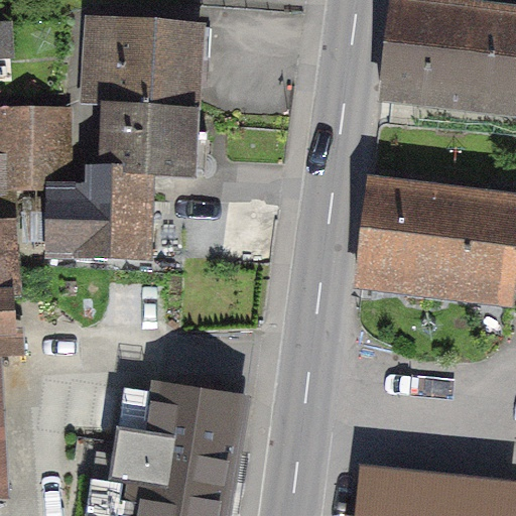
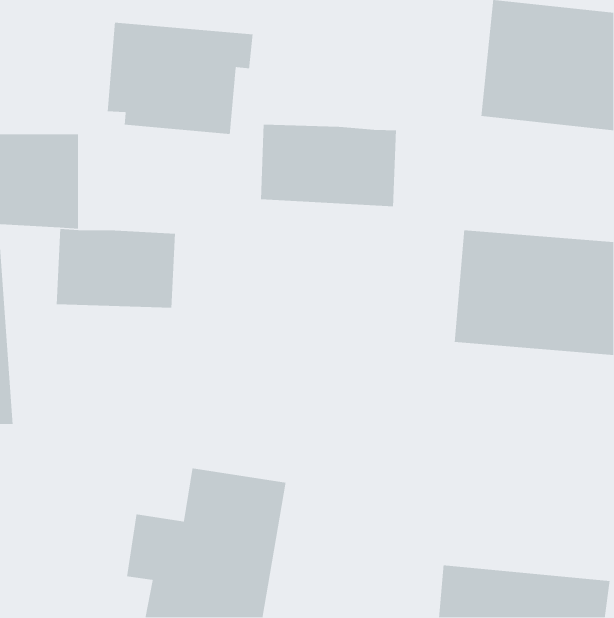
building: none -> [260,124,397,207]
building: [91,104,205,194] -> none

